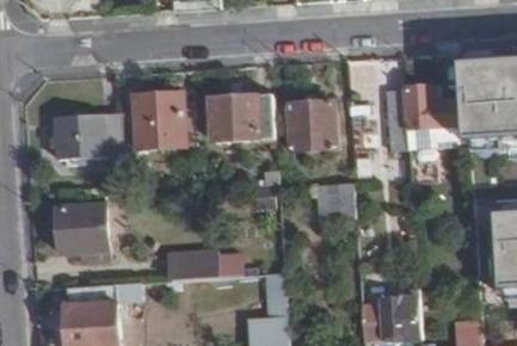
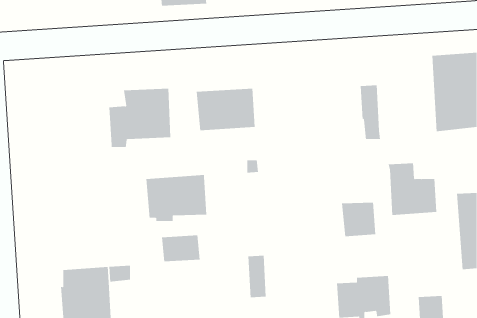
building: [402,85,455,141] -> [388,163,437,216]
building: [287,101,336,149] -> none
building: [54,113,119,163] -> [145,174,207,222]
building: [316,184,353,221] -> [341,202,376,237]
building: [56,206,106,260] -> none

